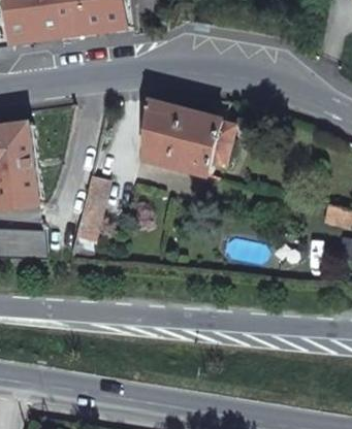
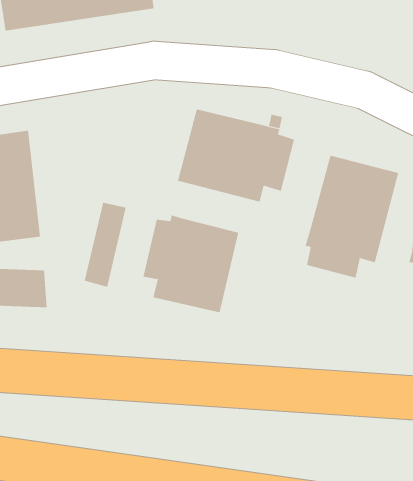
building: none -> [305,155,399,278]
building: none -> [143,215,239,313]

